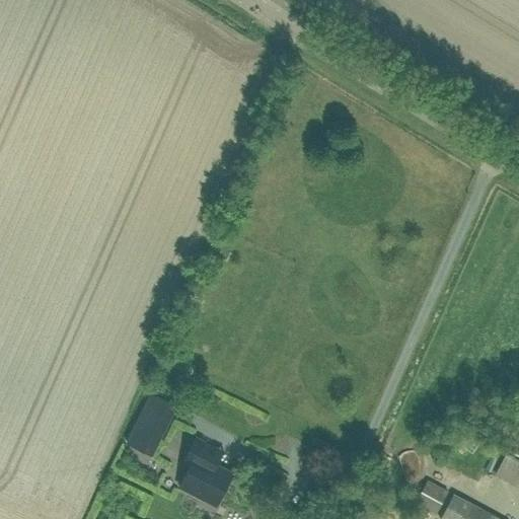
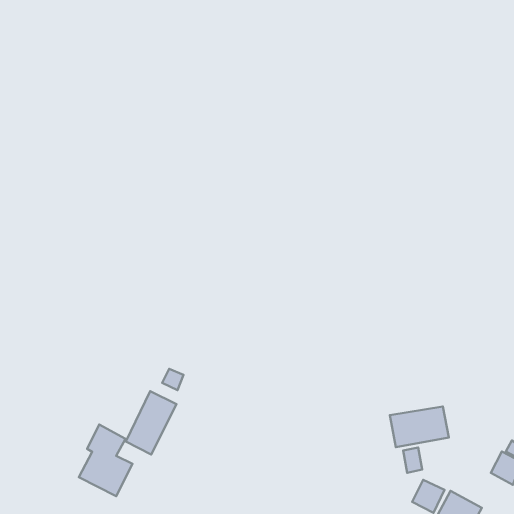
building: none -> [390,407,449,447]
building: [176,435,230,507] -> [79,425,132,496]

